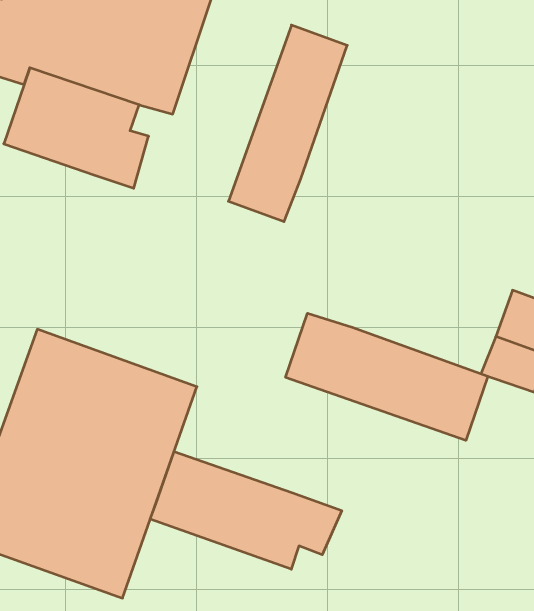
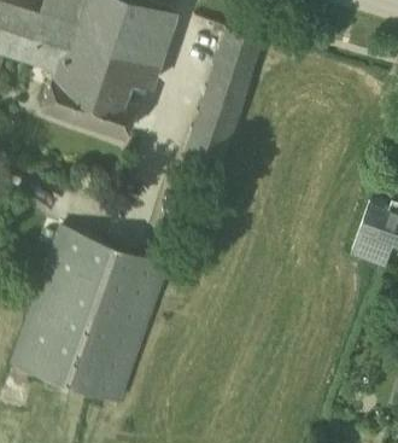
building: [286,313,488,440] -> none
building: [150,451,342,569] -> none

